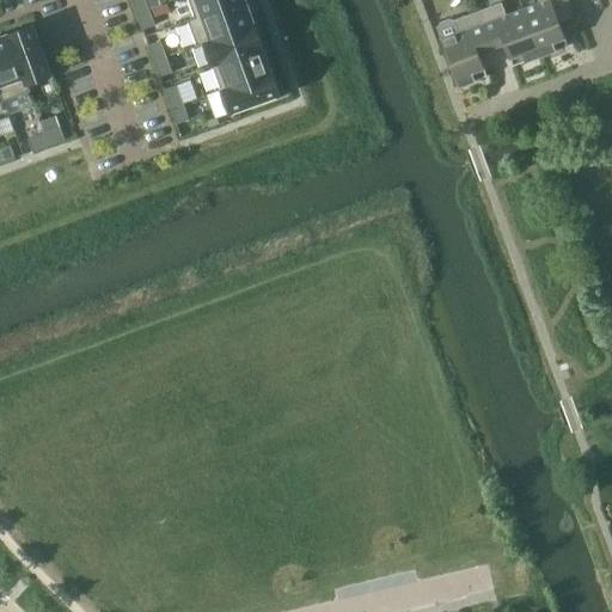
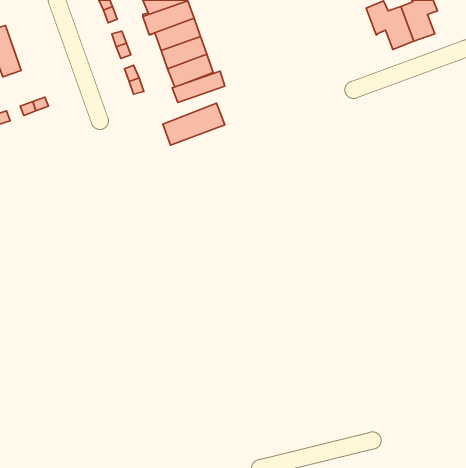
building: [437,11,491,85] -> none
building: [7,24,50,92] -> none
building: none -> [172,71,225,102]
building: none -> [163,103,225,145]

